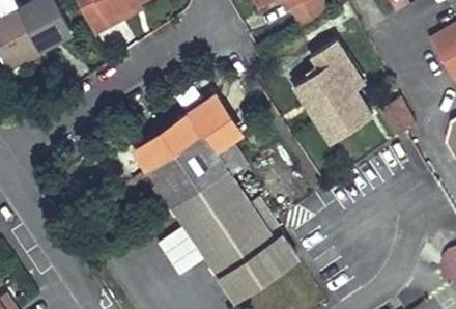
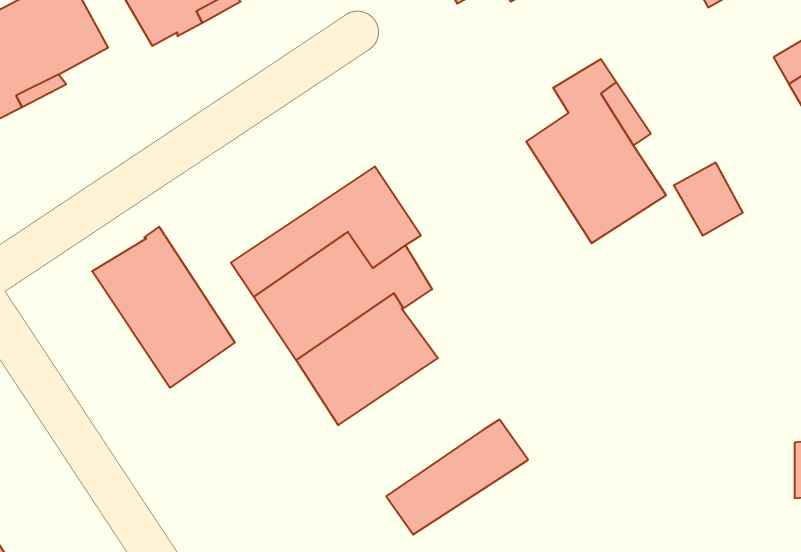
building: none -> [92,227,235,388]
building: [195,197,282,278] -> none

